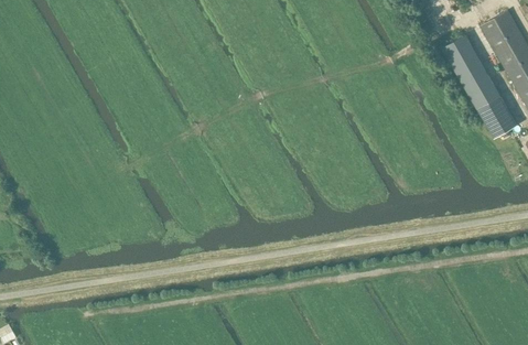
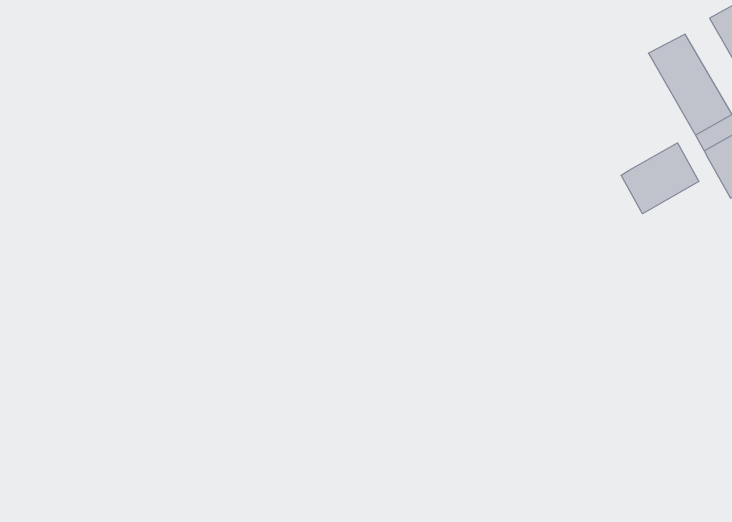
building: none -> [621,143,699,214]

